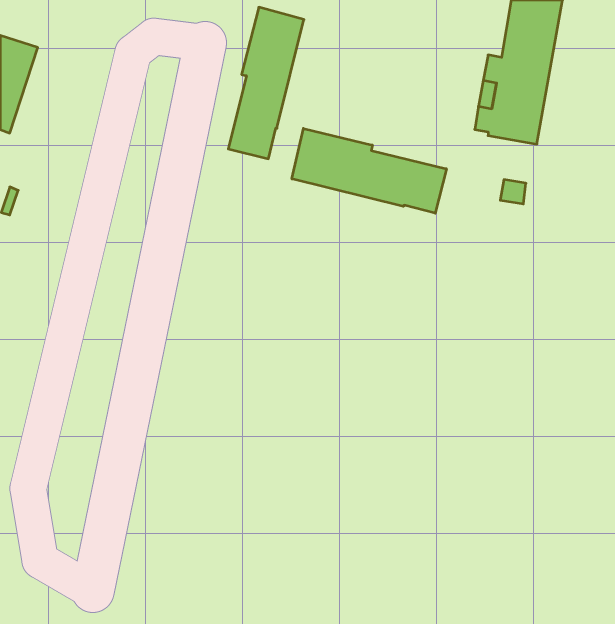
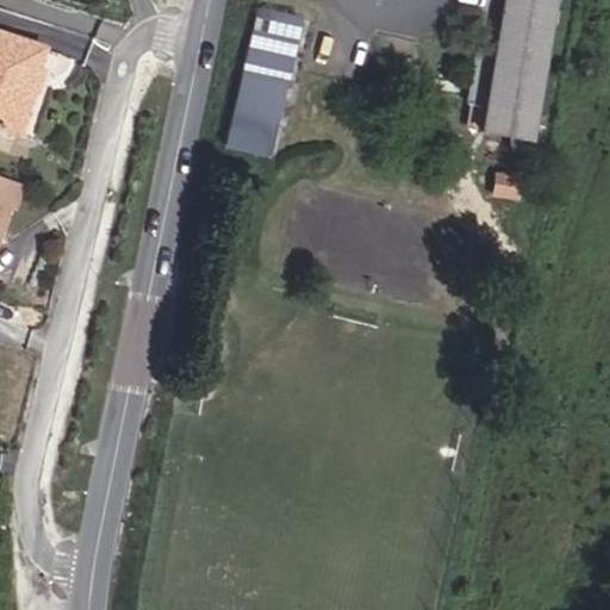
building: [292,128,446,213] -> none

